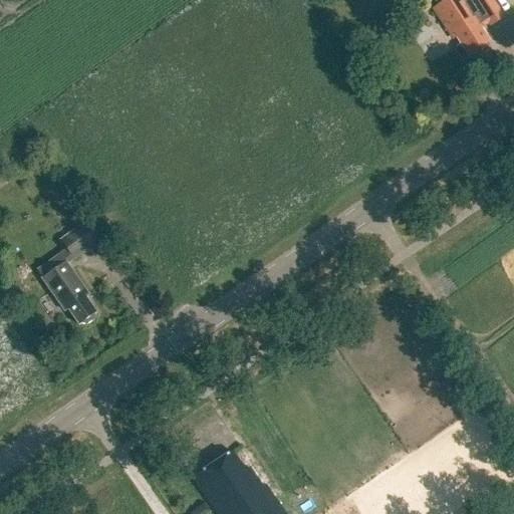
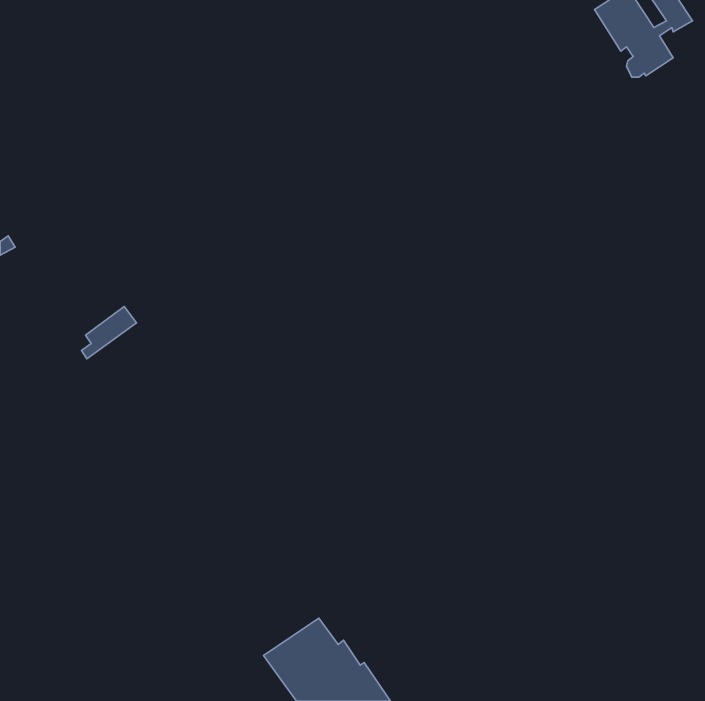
building: [43,262,95,322] -> none

